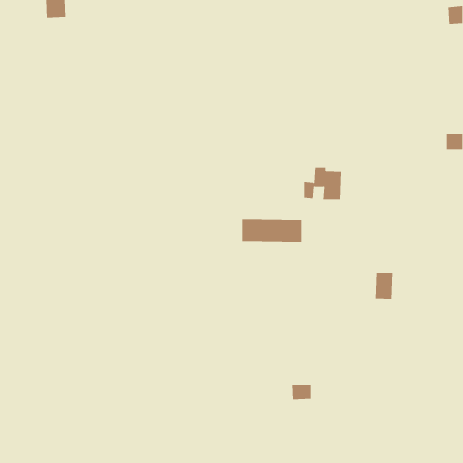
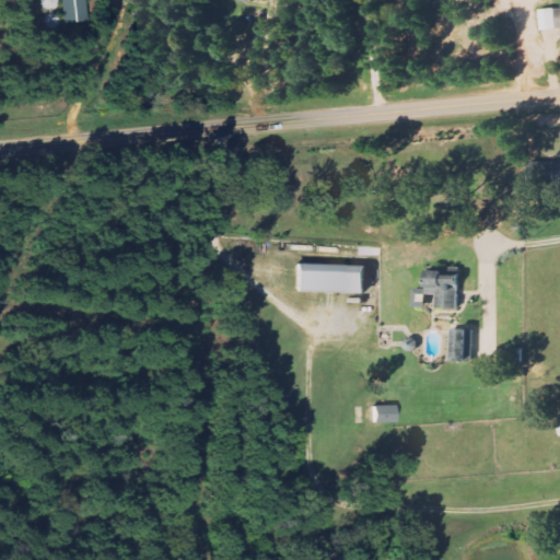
building: [304,167,342,200] -> [413,269,459,308]
building: [291,384,311,400] -> [368,405,392,423]

